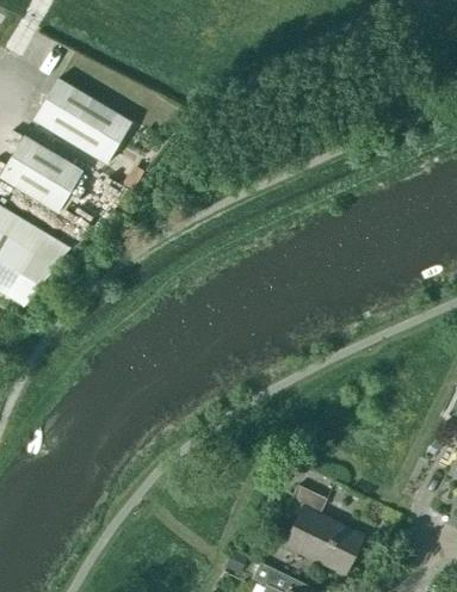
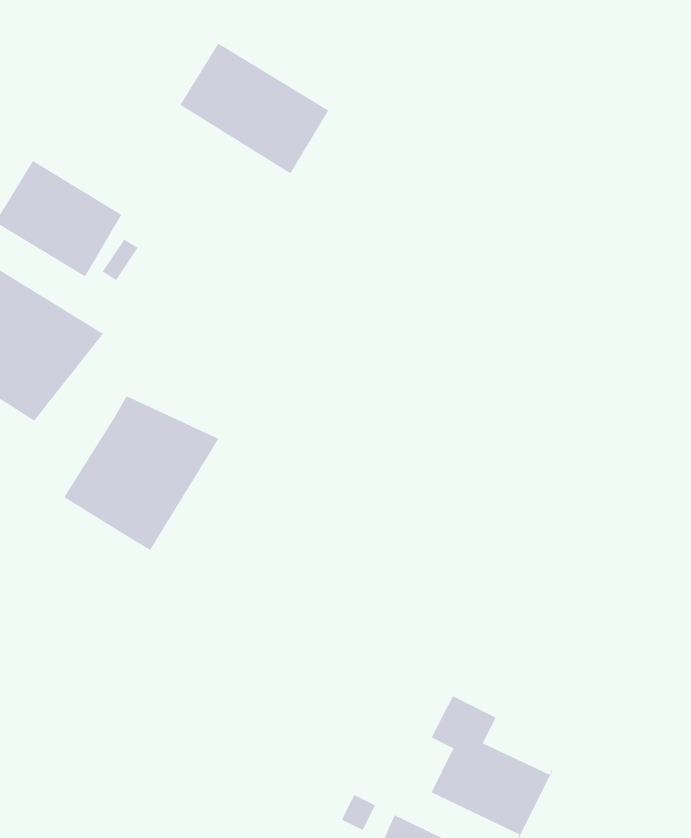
building: [32,78,130,164] -> [179,43,329,174]
building: none -> [63,395,219,551]

